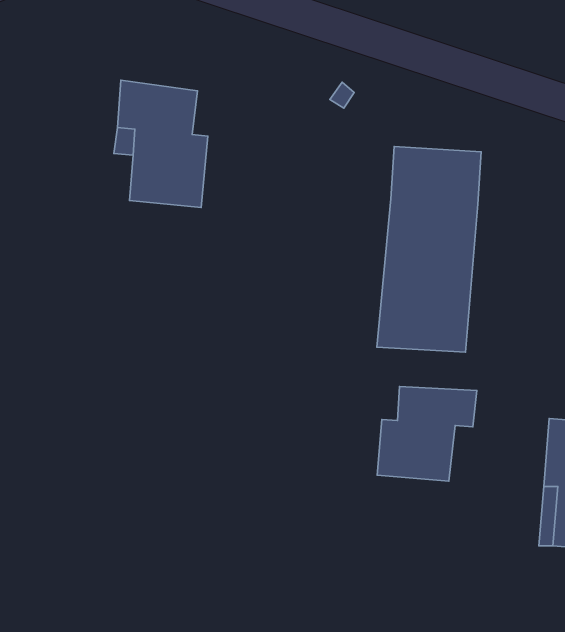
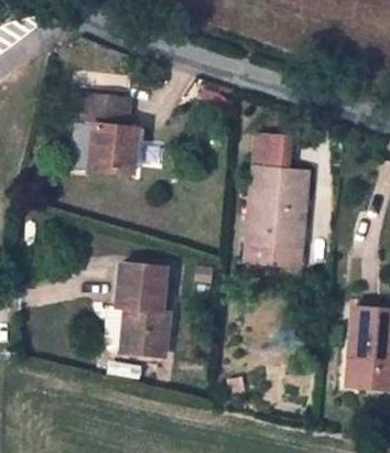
building: none -> [95,265,170,356]
building: [377,386,477,481] -> none

